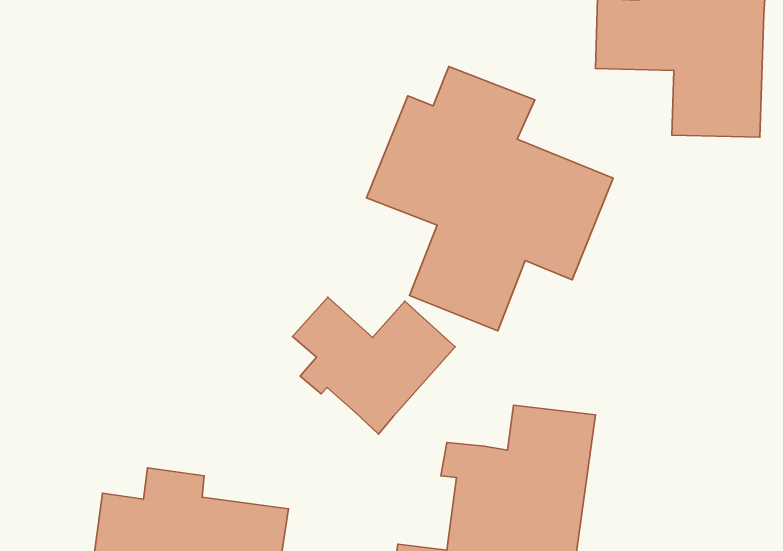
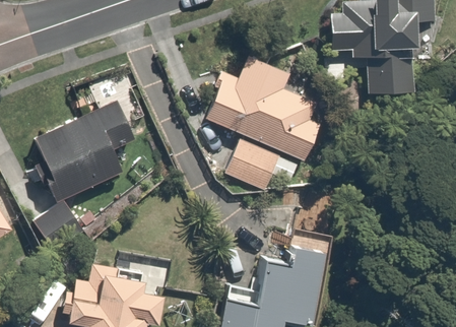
building: none -> [28,86,135,241]
building: [292,297,455,434] -> none

